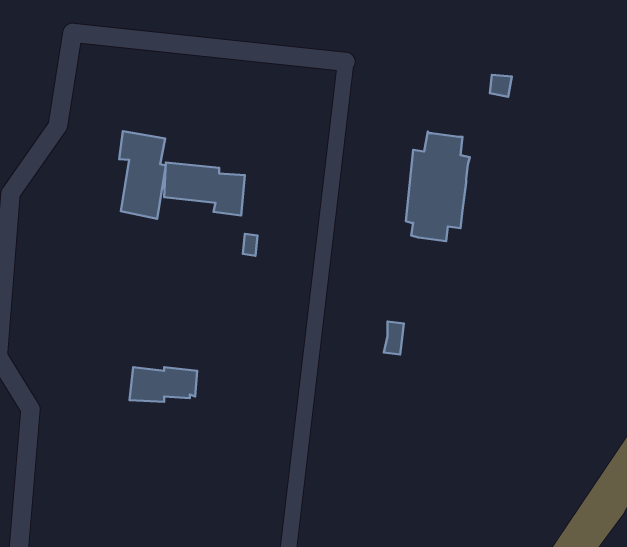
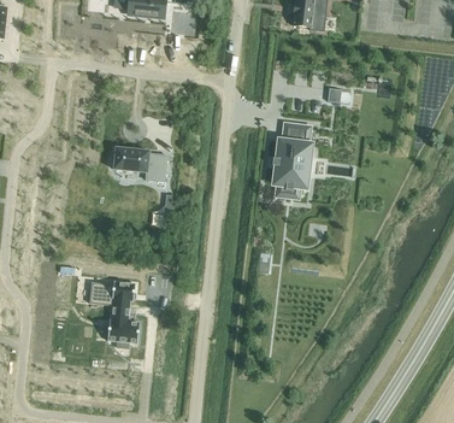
building: [119,131,166,219] -> none
building: none -> [106,301,138,348]

